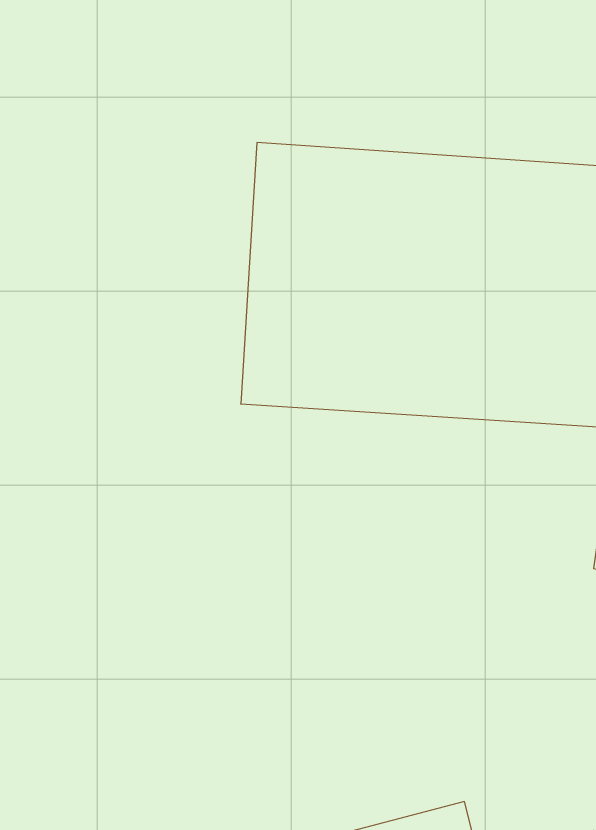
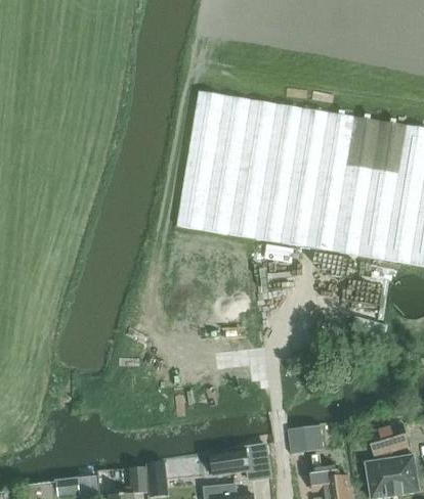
building: none -> [288,424,324,453]

